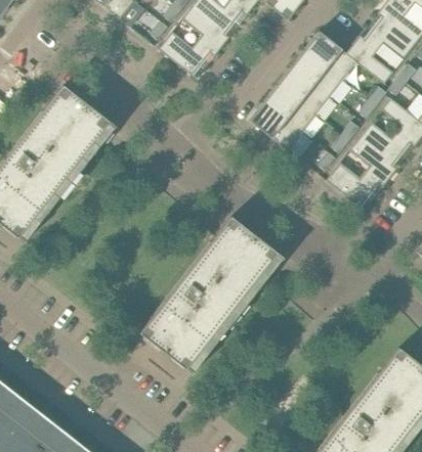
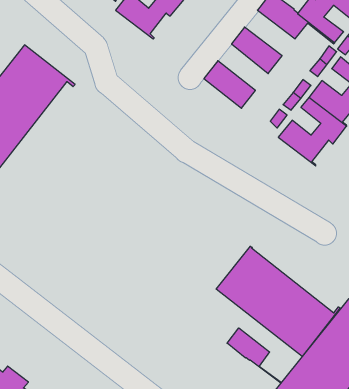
building: [292,50,344,97] -> none
building: [264,85,316,133] -> none
building: [140,217,285,370] -> none
building: none -> [216,246,340,356]
building: none -> [227,328,281,383]

